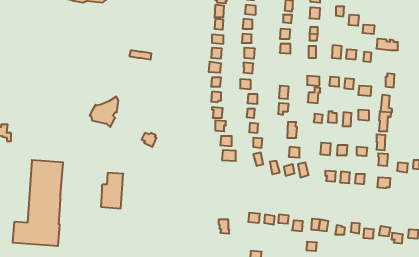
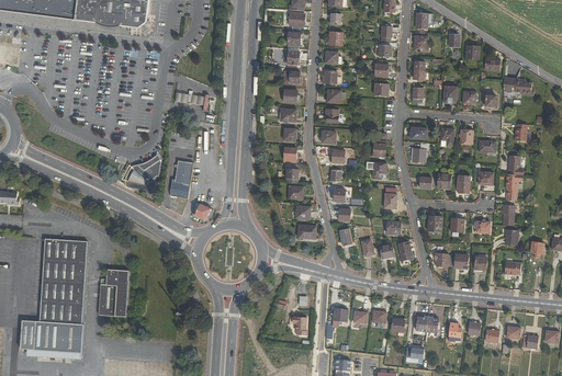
building: none -> [169,160,192,197]
building: [101,173,123,208] -> [98,269,127,316]

